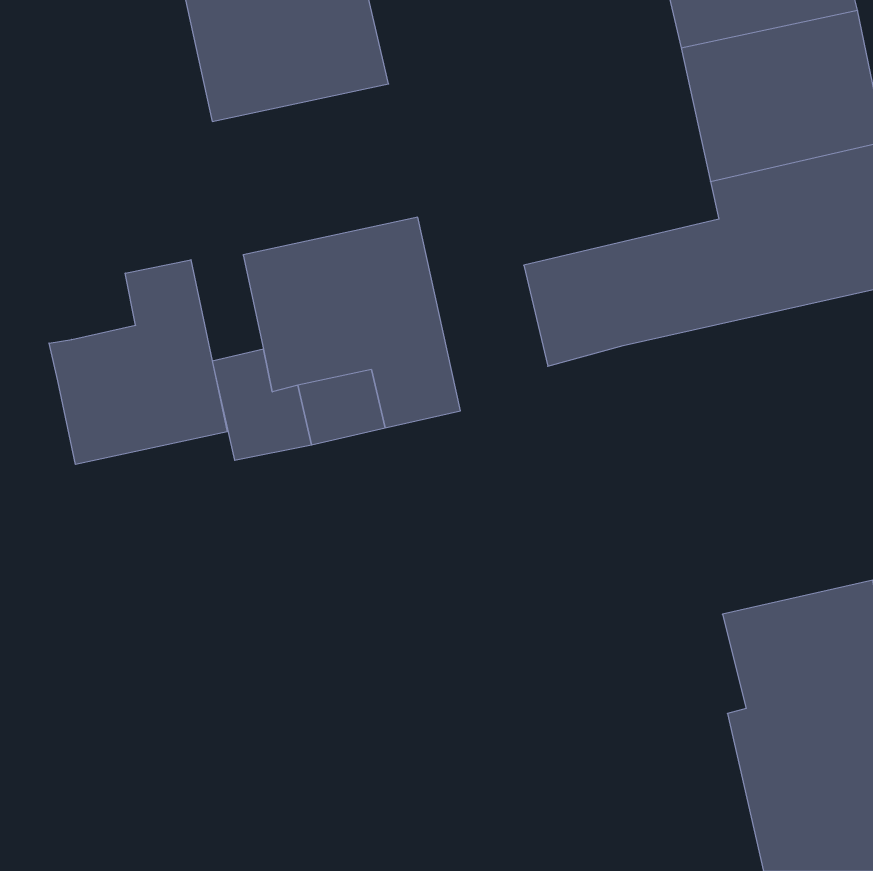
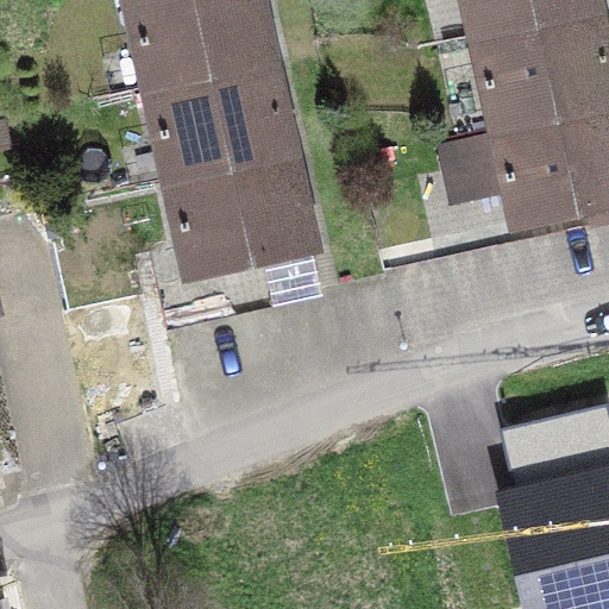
building: none -> [149,58,291,177]
building: [49,260,227,464] -> none

